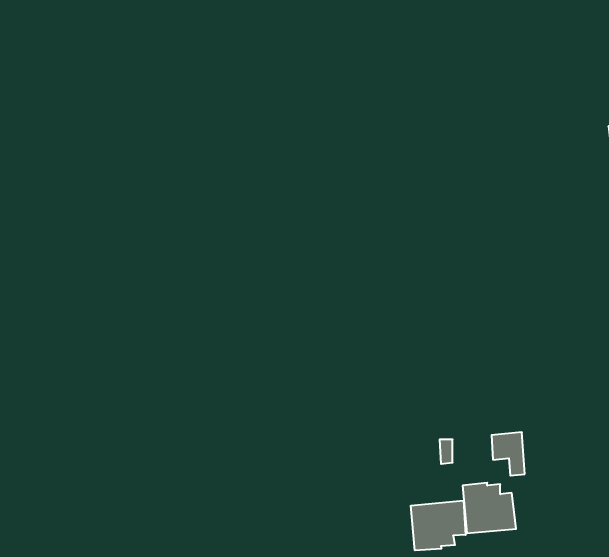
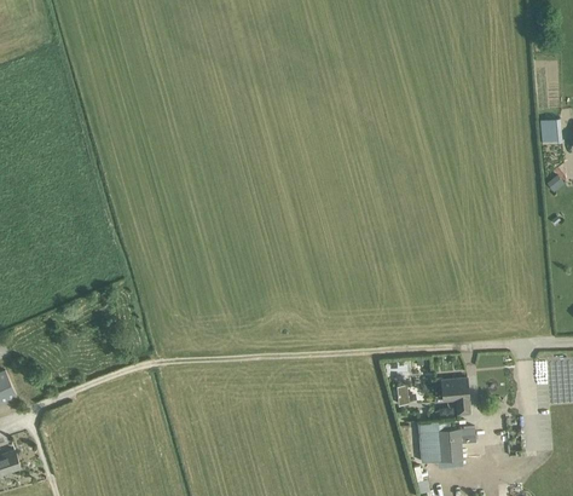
building: [411,501,466,550] -> none

